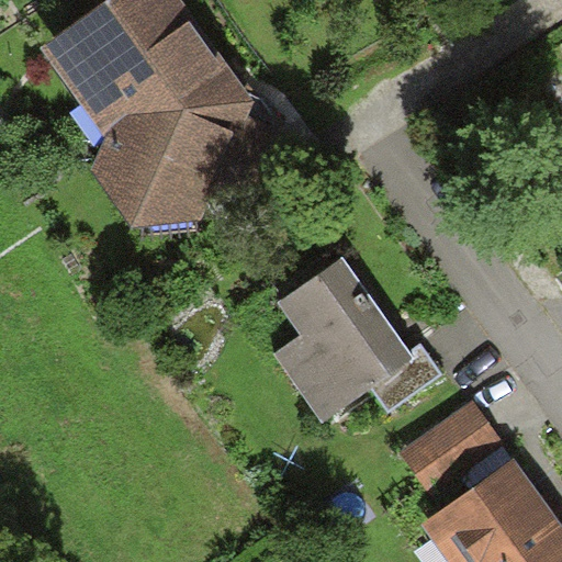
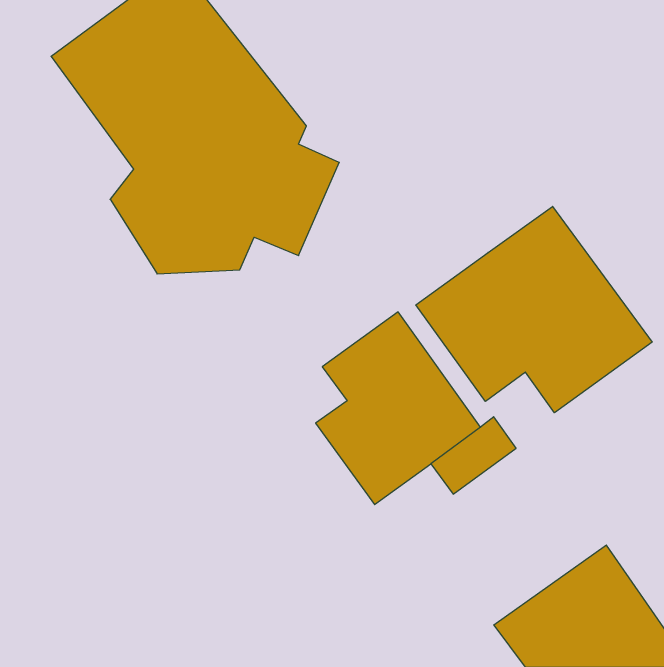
building: none -> [416,206,652,413]
building: [402,398,497,488] -> none

